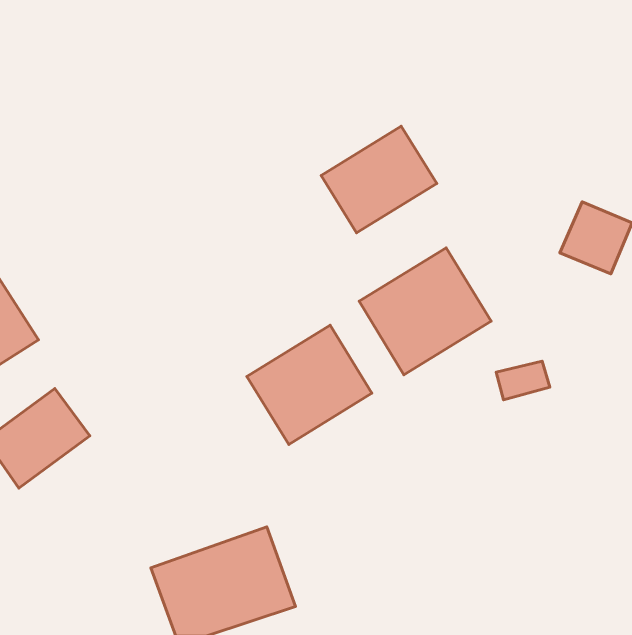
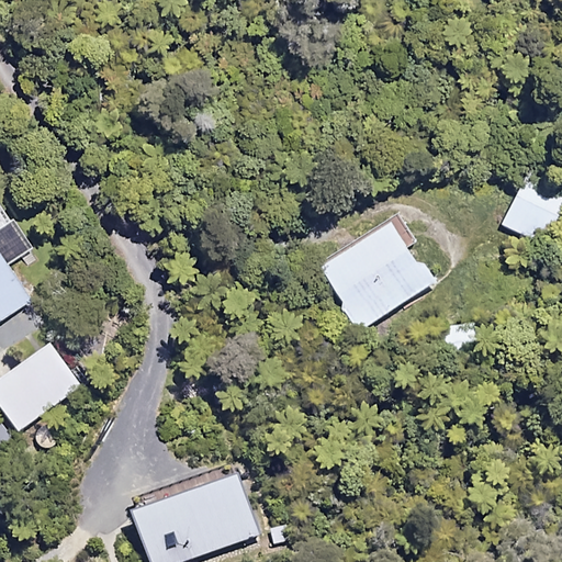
building: [321,126,437,233] -> none
building: [247,325,372,445] -> none

